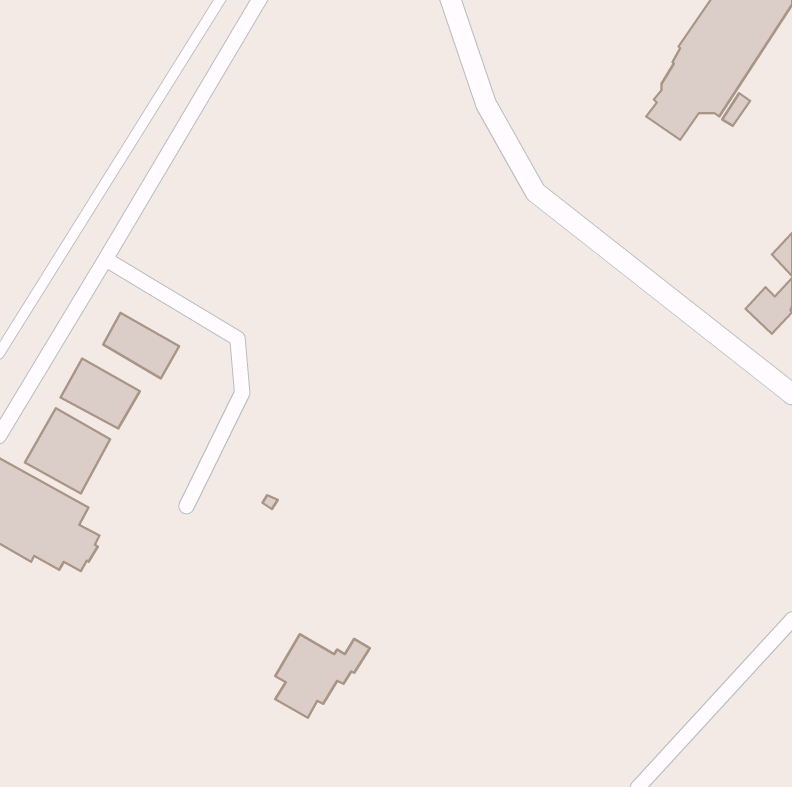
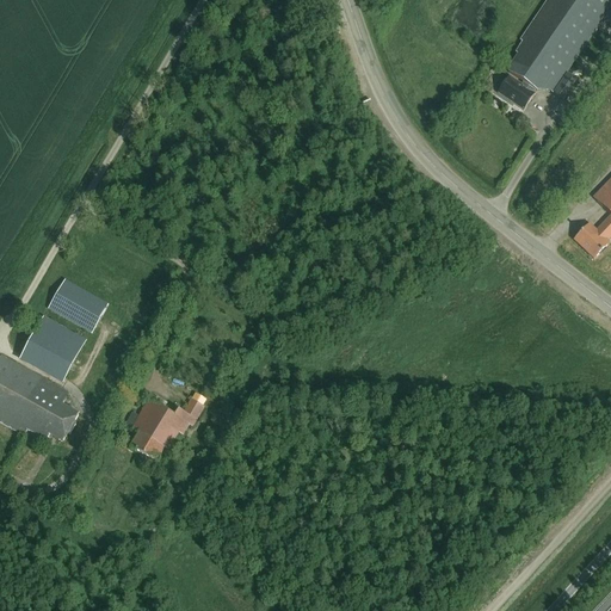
building: [103,313,179,378] -> none
building: [275,634,370,718] -> [130,395,203,459]

